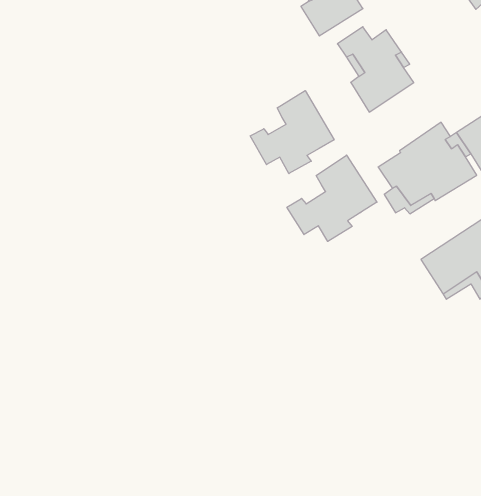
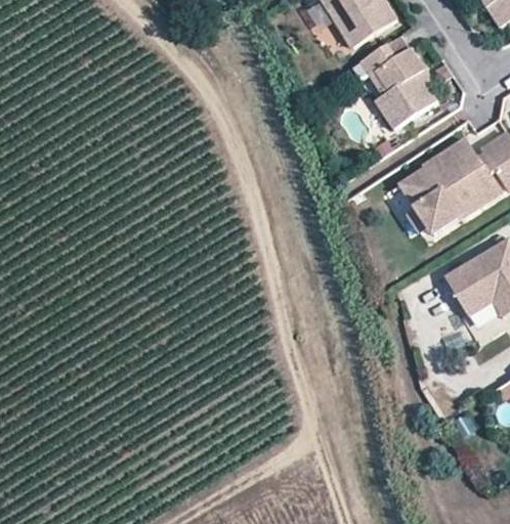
building: [250,91,334,174] -> none
building: [287,155,377,241] -> none

